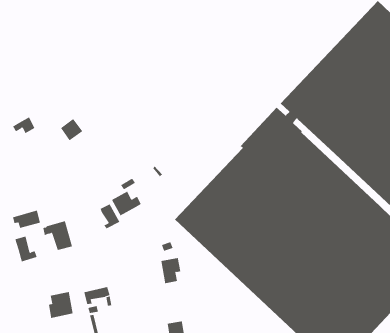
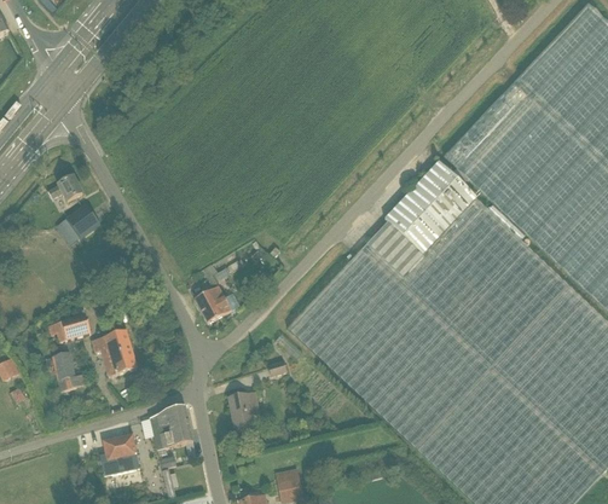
building: [60,118,83,141] -> [66,203,100,237]
building: [100,203,120,229] -> none
building: [161,258,181,284] -> [228,392,259,430]
building: none -> [150,405,190,435]

